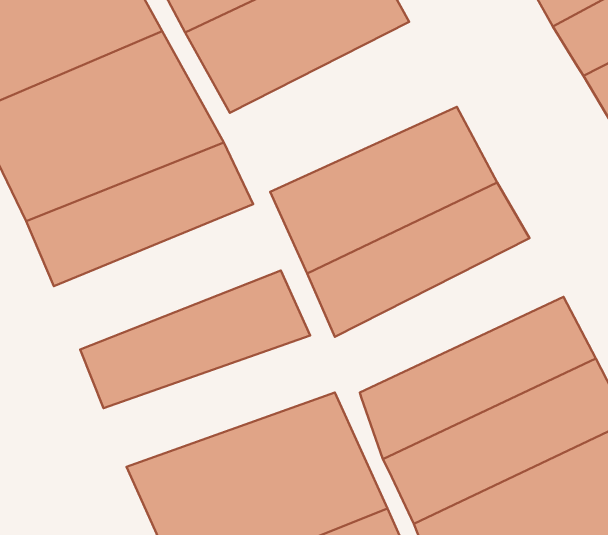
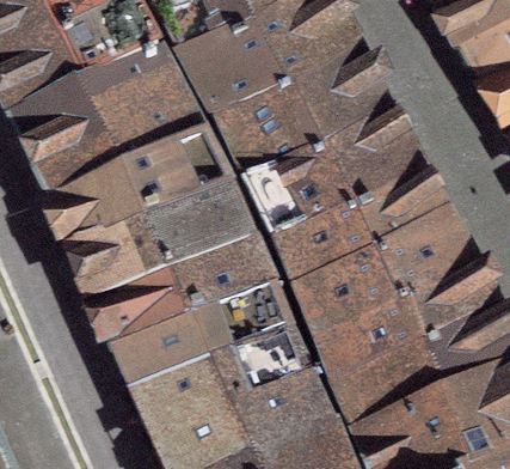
building: none -> [216,57,392,189]
building: none -> [80,199,256,311]
building: none -> [297,225,474,345]
building: none -> [118,300,297,402]

